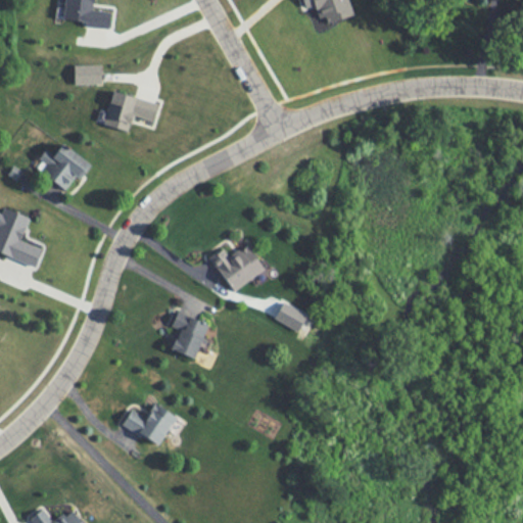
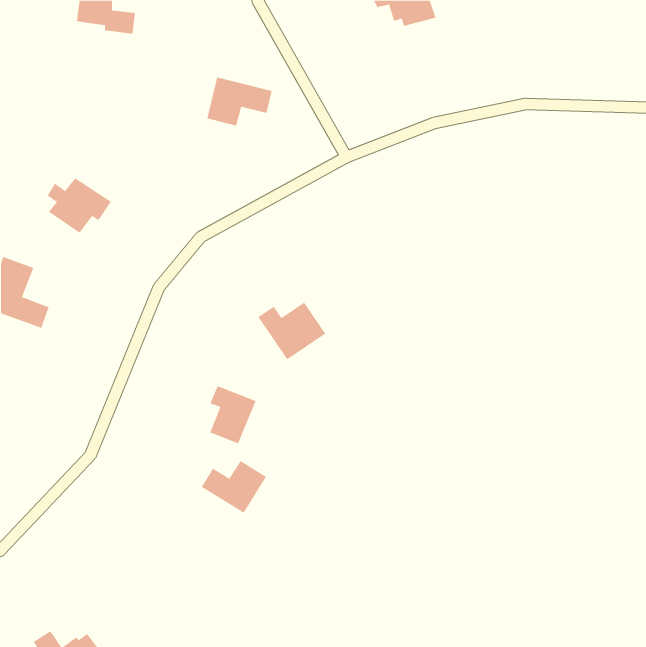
building: [75,64,102,84] -> none
building: [105,91,158,131] -> [206,77,272,126]
building: [274,301,306,331] -> none
building: [123,402,176,445] -> [201,460,267,513]

